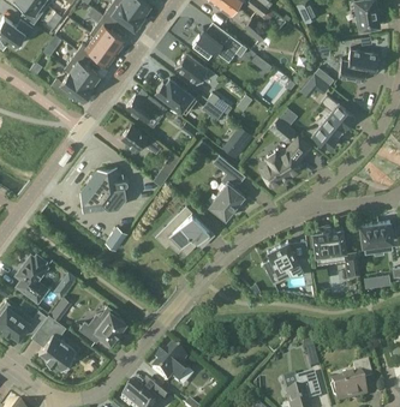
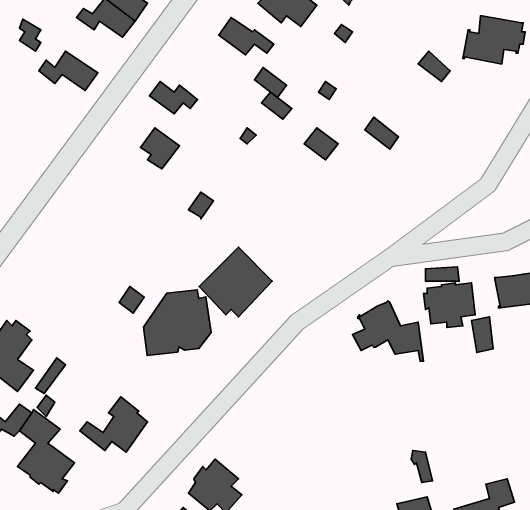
building: [65,50,100,88] -> none
building: [157,79,198,114] -> none
building: [314,95,356,149] -> none
building: [262,136,314,185] -> none
building: [209,161,246,219] -> none
building: [82,168,127,213] -> [144,290,211,356]

